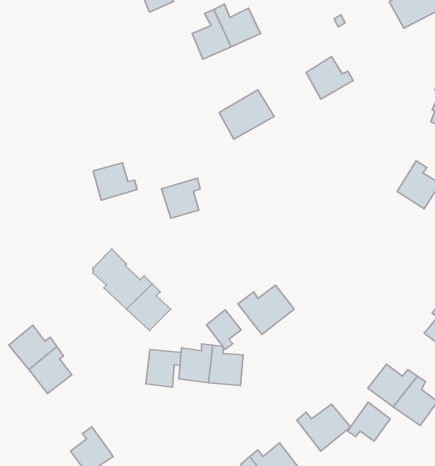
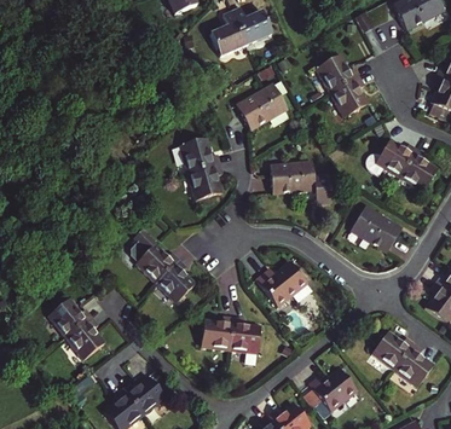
building: none -> [330,76,369,117]
building: none -> [368,139,416,176]
building: [93,163,137,200] -> [179,140,219,174]
building: none -> [271,161,334,203]
building: none -> [351,205,401,251]
building: [206,310,241,349] -> none
building: [146,349,181,387] -> none
building: [347,402,390,441] -> none
building: none -> [123,377,166,416]

